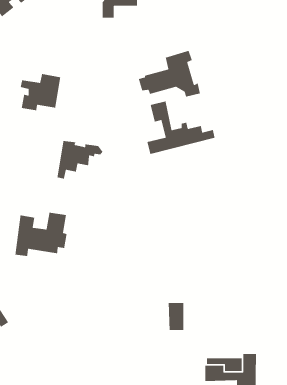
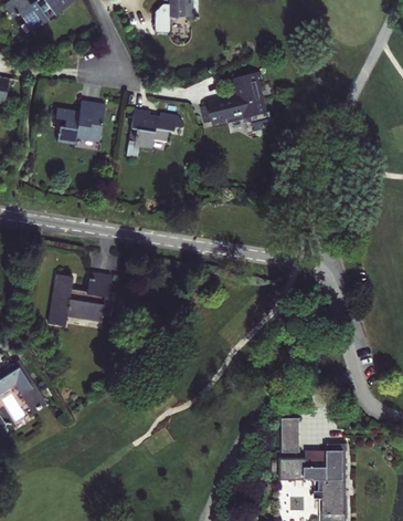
building: [147,101,216,155] -> none
building: [57,140,103,180] -> [126,110,183,158]
building: [168,302,184,331] -> [280,414,300,449]

